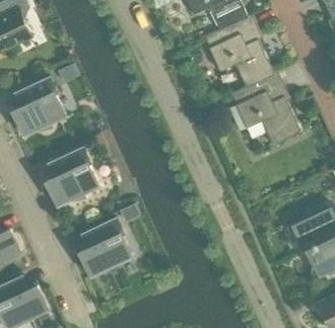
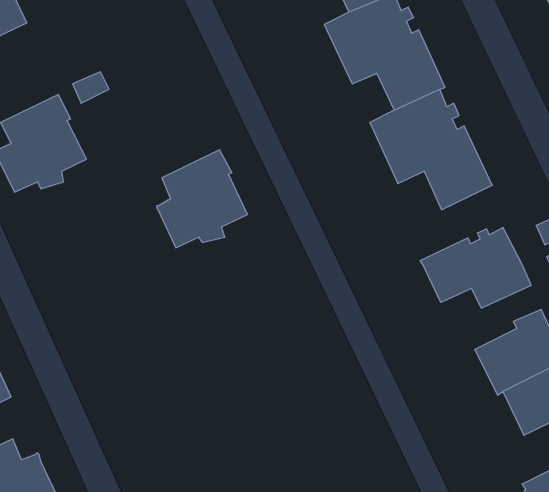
building: [46,148,98,204] -> [157,150,248,248]
building: none -> [420,227,531,308]
building: [79,218,132,275] -> none

